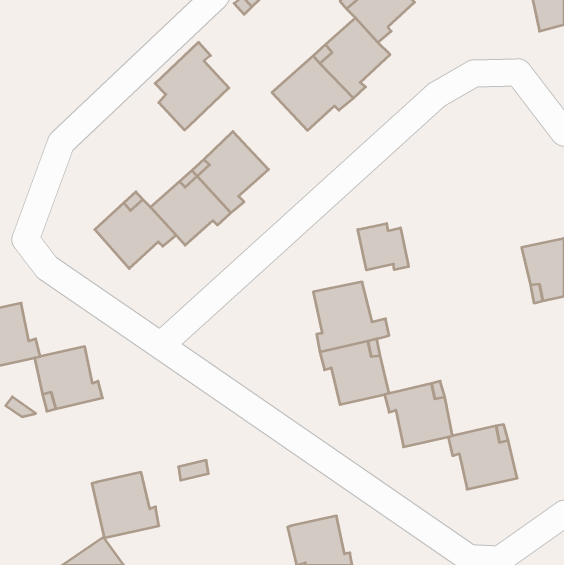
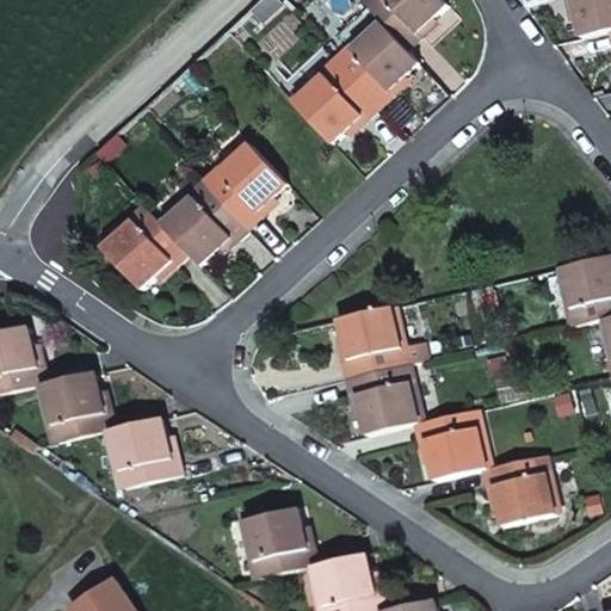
building: [155,42,229,130] -> none
building: [358,223,409,270] -> none
building: [92,472,159,538] -> [105,415,177,486]
building: none -> [242,507,311,578]

